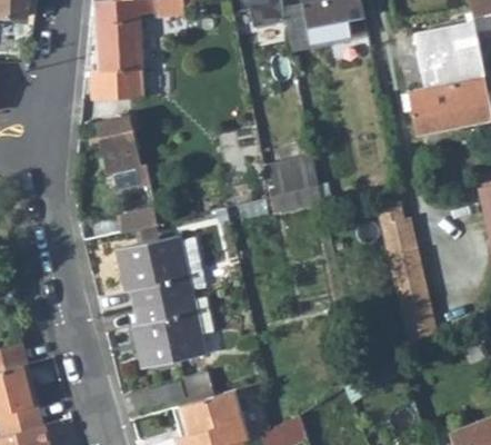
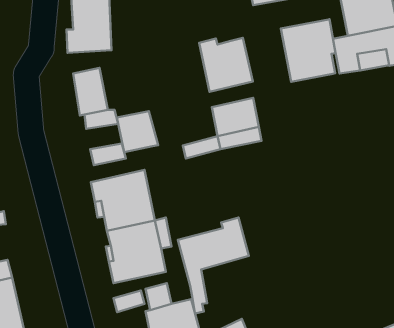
building: none -> [281,19,335,82]
building: none -> [199,38,253,92]
building: none -> [117,111,158,152]
building: [377,201,434,345] -> none
building: none -> [178,217,249,313]

